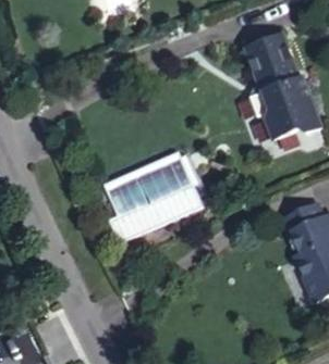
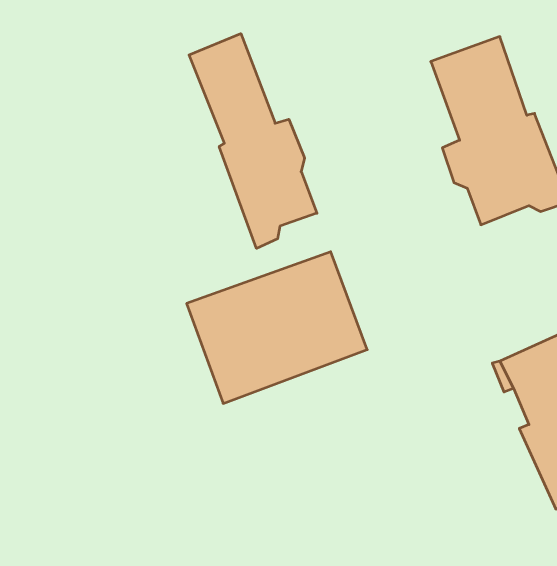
building: none -> [189,34,317,248]

